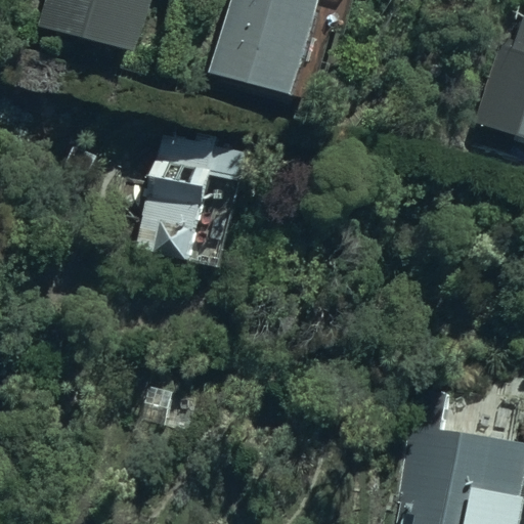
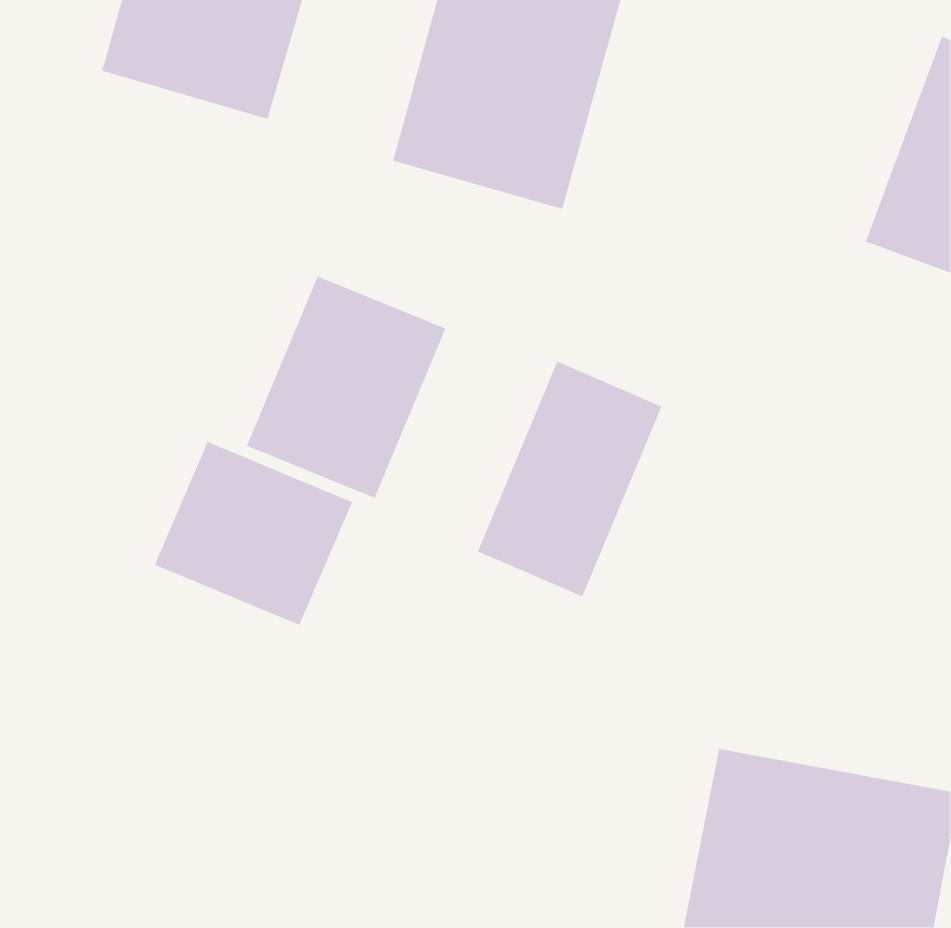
building: none -> [477,360,663,598]
building: none -> [154,441,353,626]

